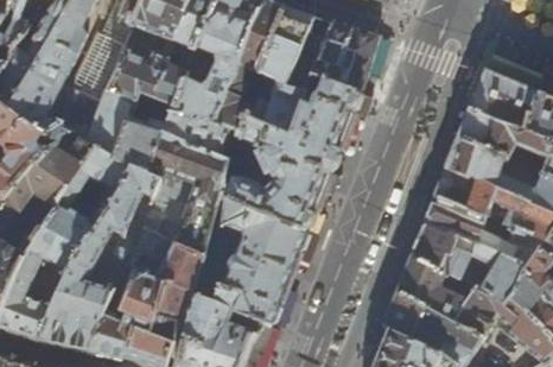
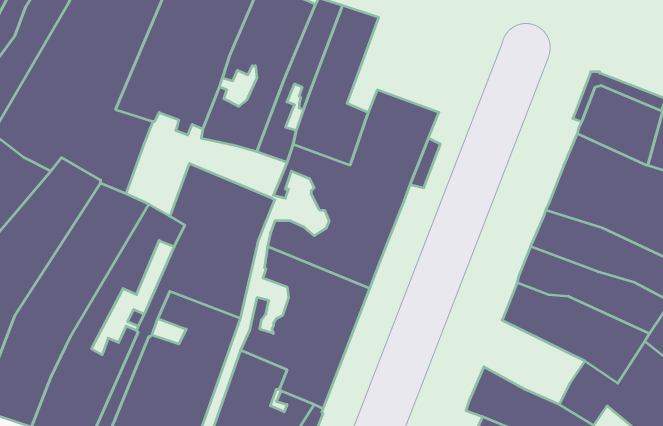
building: [312,24,376,93] -> none
building: [114,113,241,175] -> none
building: [396,257,476,323] -> none

